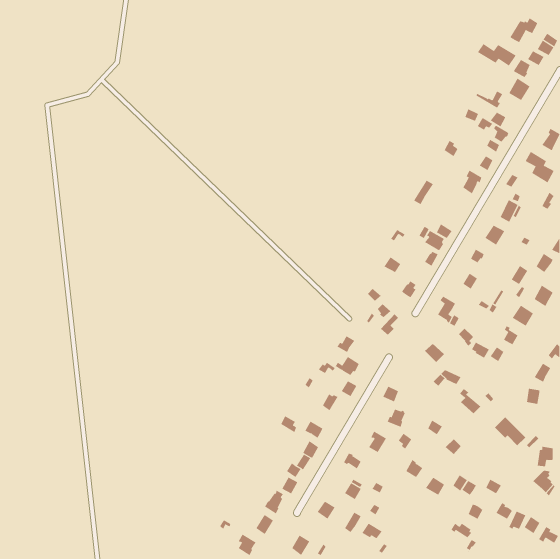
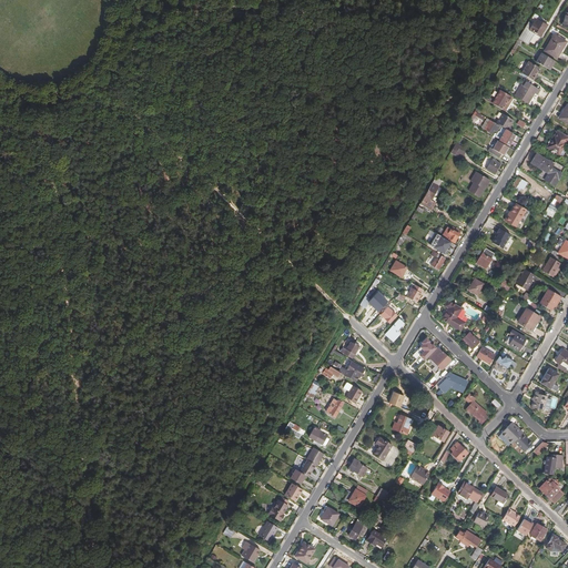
building: [477,43,517,66] -> none

